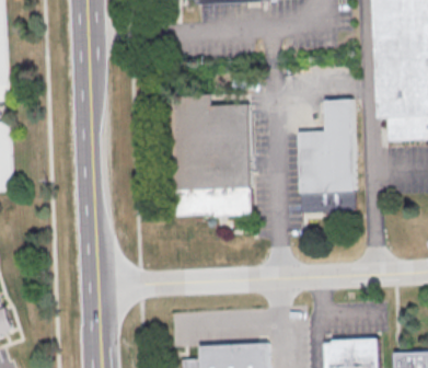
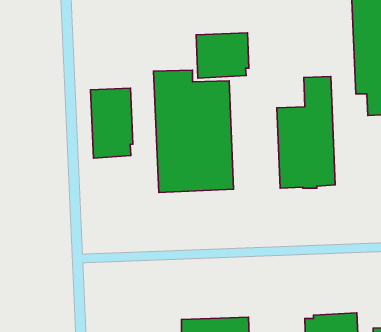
building: none -> [196,33,249,78]
building: none -> [90,88,133,158]

